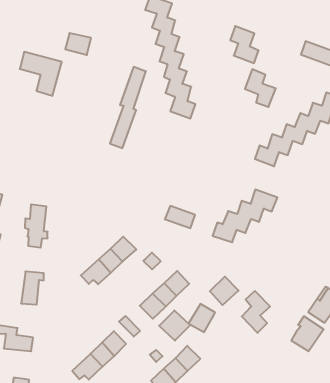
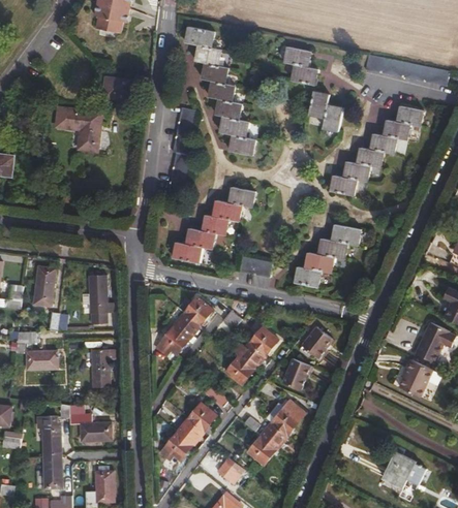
building: none -> [173,187,256,263]
building: [242,291,270,333] -> none
building: [159,310,190,341] -> none

